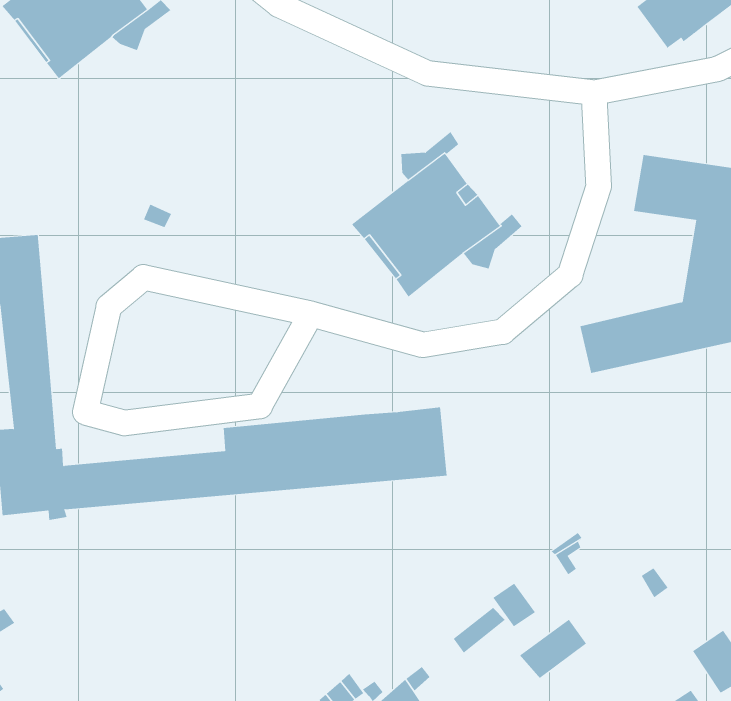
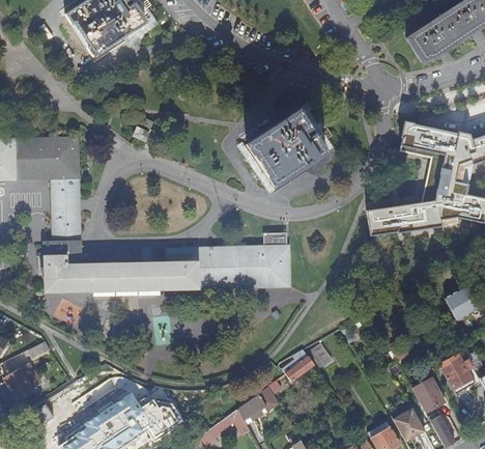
building: none -> [263,230,287,248]
building: [519,619,587,679] -> none

